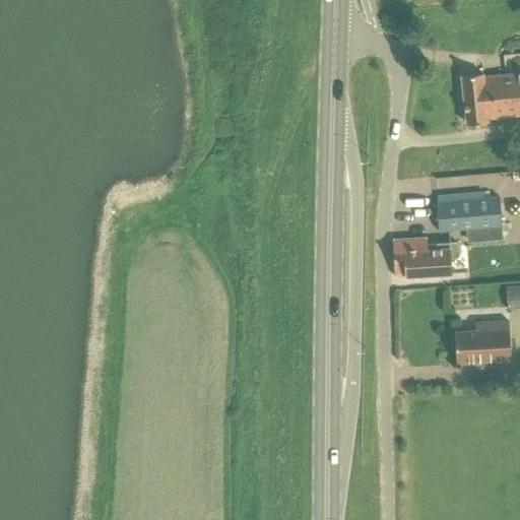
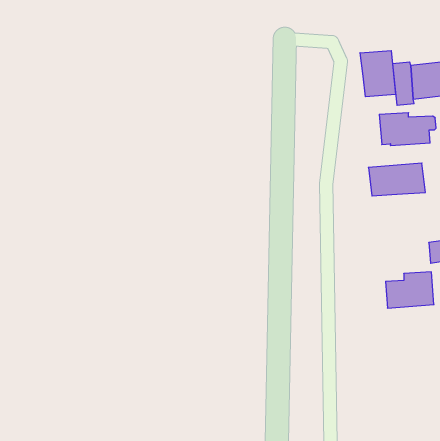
building: none -> [360,51,396,97]
building: [393,238,460,276] -> [379,113,436,146]

